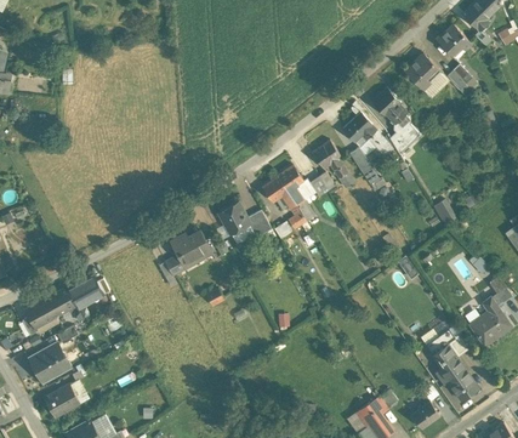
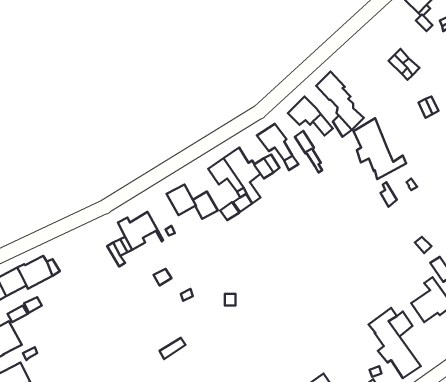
building: [437,24,472,56] -> none
building: [404,53,442,90] -> none
building: none -> [354,118,406,179]

